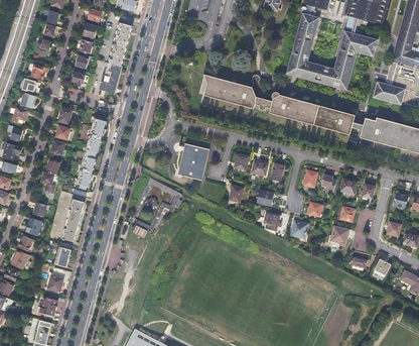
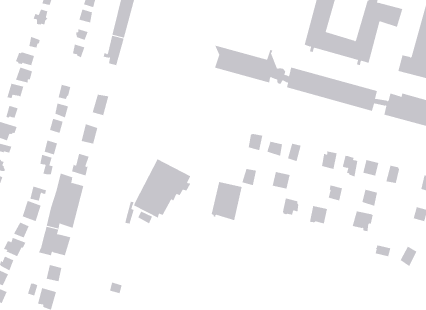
building: [179,144,208,181] -> [211,181,242,221]

